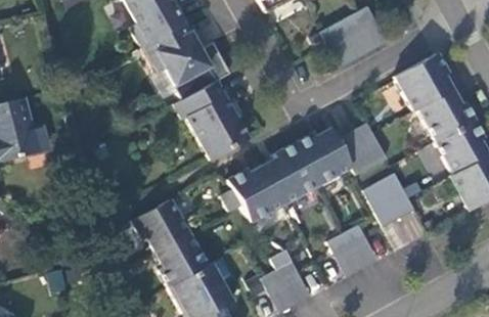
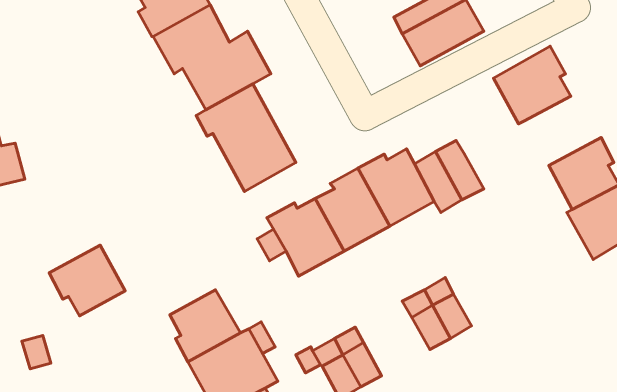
building: [416,89,474,140] -> none
building: [363,172,414,225] -> none
building: [132,198,188,251] -> [49,245,125,316]

